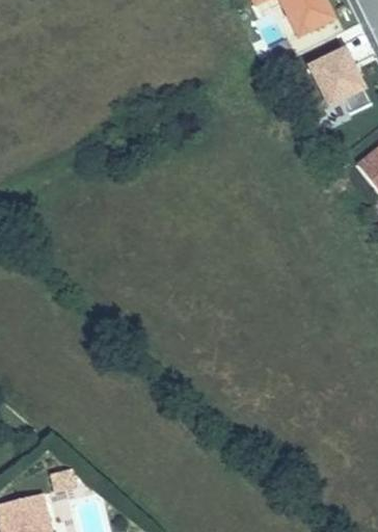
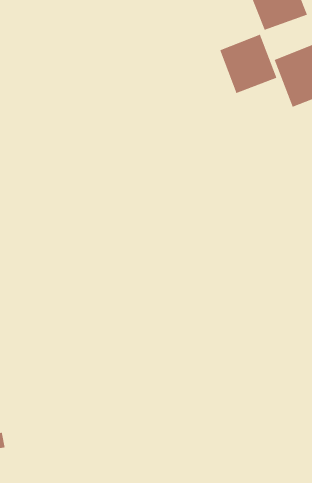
building: none -> [219,34,277,94]

